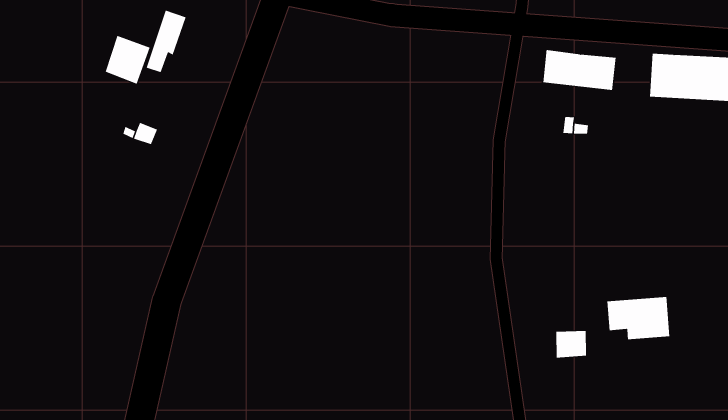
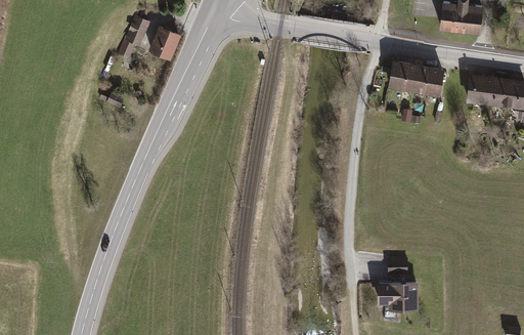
building: [105,35,151,84] -> [147,26,180,60]
building: [607,296,670,340] -> [377,283,419,310]

